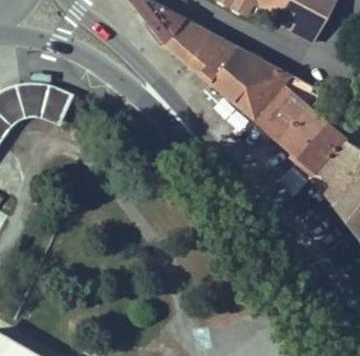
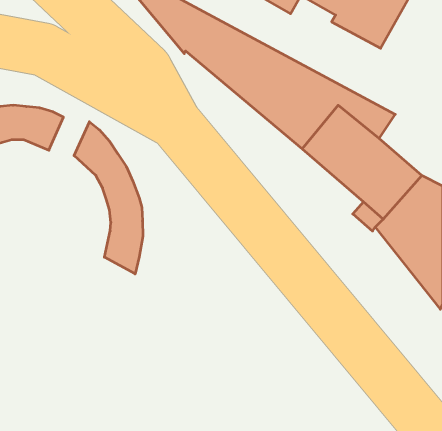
building: none -> [74,122,143,274]

